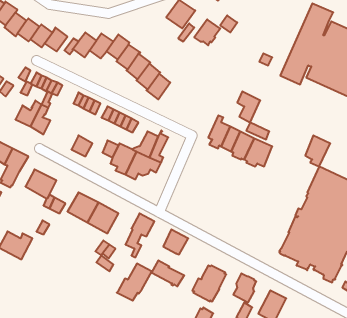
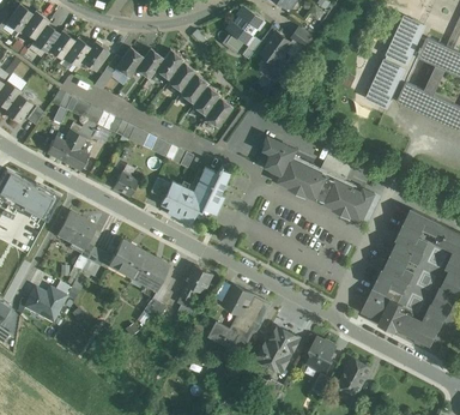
building: [237,91,260,122] -> [261,137,289,174]
building: [305,135,330,166] -> [344,185,374,222]
building: [117,264,152,301] -> [229,295,271,339]

